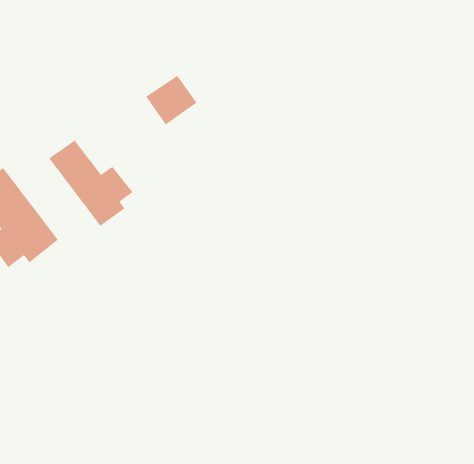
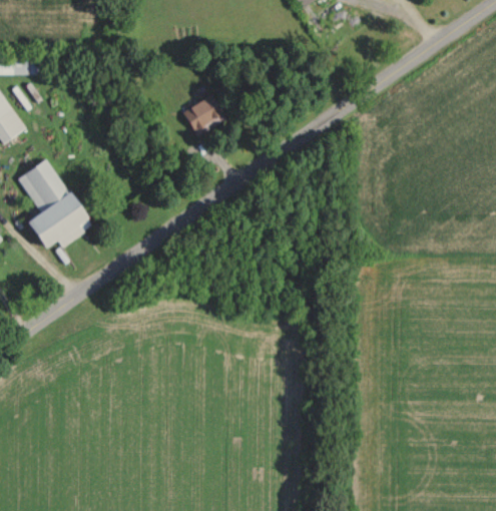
building: [48,139,133,227] -> none

